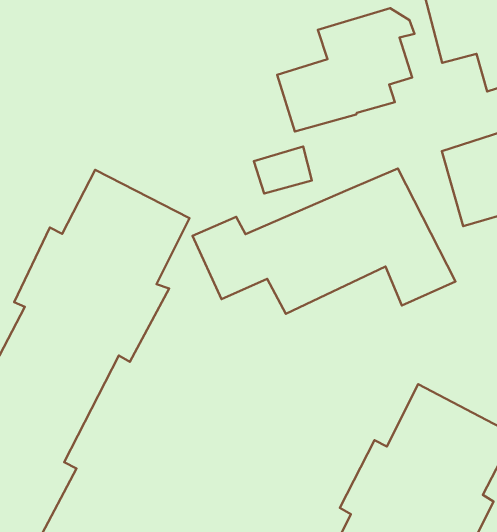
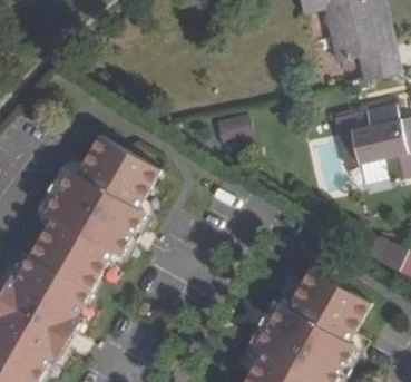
building: [277,8,414,132] -> none
building: [192,168,456,314] -> none

